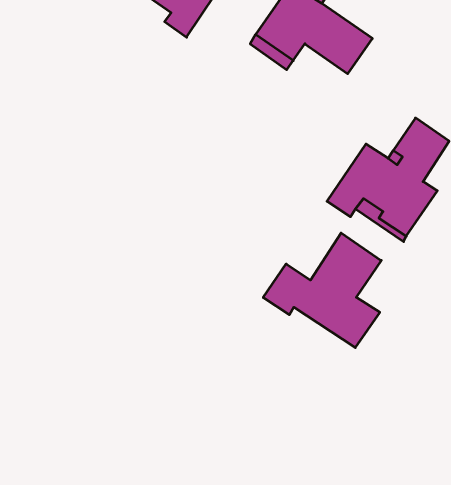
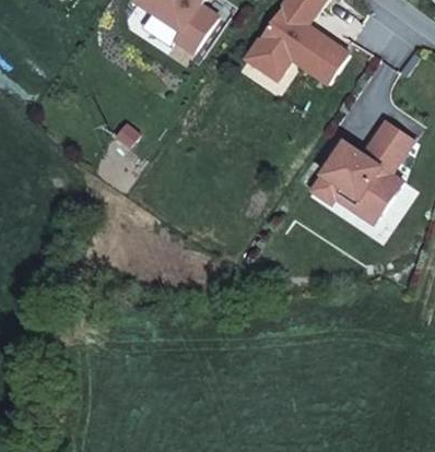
building: [263,233,381,348] -> none

